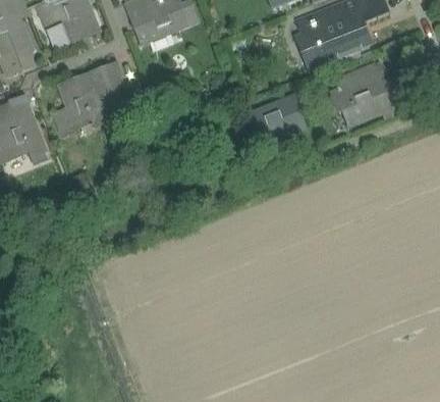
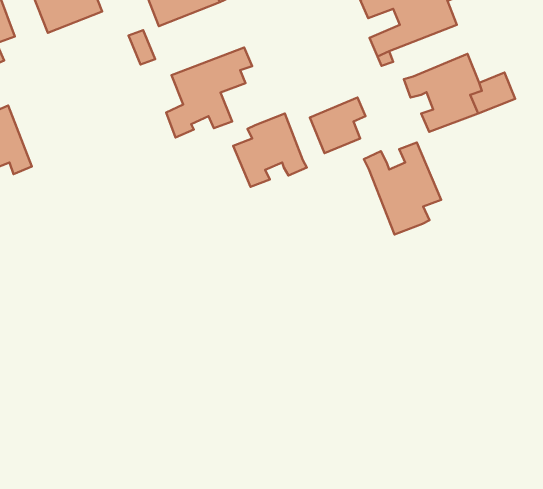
building: [55,62,121,132] -> [166,48,252,138]
building: none -> [233,114,307,187]
building: none -> [364,142,441,235]

